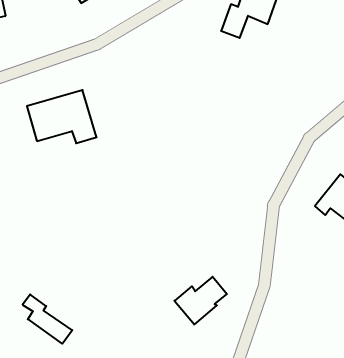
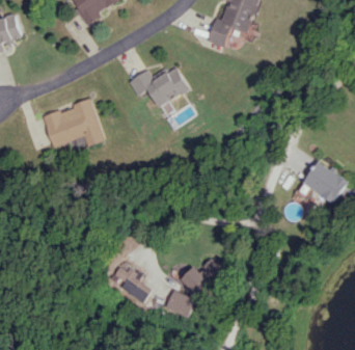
building: none -> [129,68,189,107]
building: [23,294,72,344] -> [114,266,159,307]
building: none -> [164,289,195,317]

